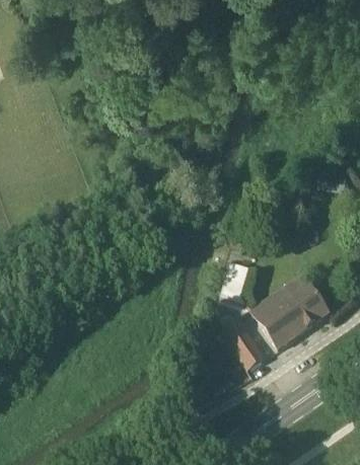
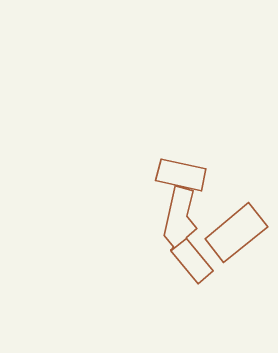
building: none -> [155,159,206,191]

